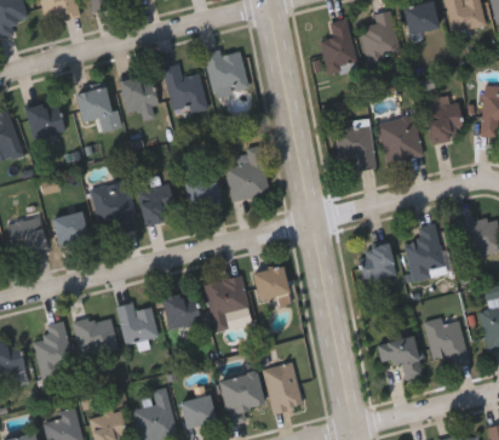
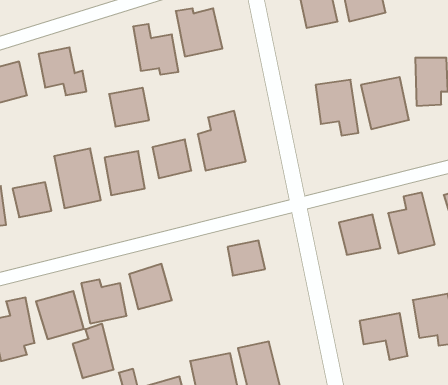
building: [120,75,157,112] -> [109,88,149,127]
building: [206,276,247,331] -> none
building: none -> [73,324,114,378]

